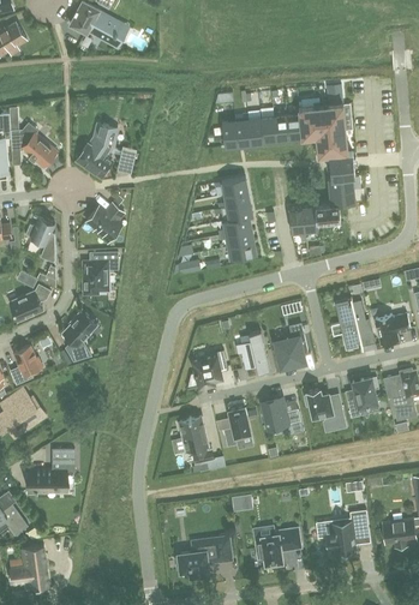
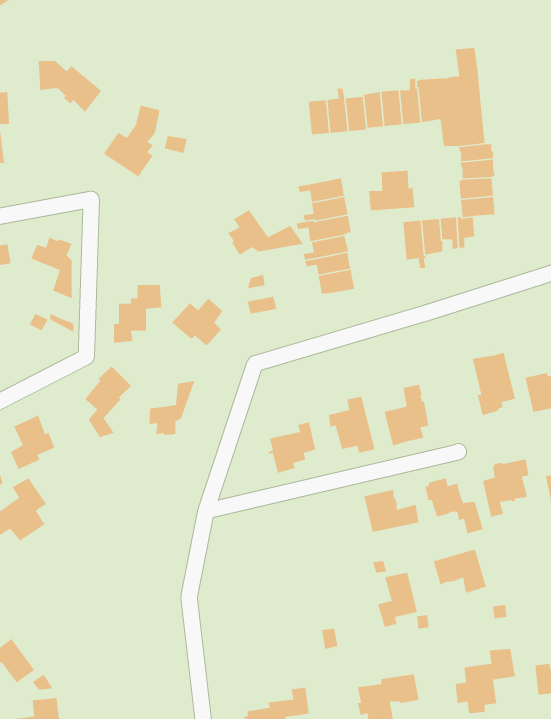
building: [10,130,55,167] -> [38,60,102,113]
building: none -> [368,170,415,211]
building: none -> [222,209,304,256]
building: [85,203,122,238] -> [171,297,224,346]
building: [8,283,50,321] -> none
building: none -> [149,380,195,436]
building: [222,407,251,447] -> [377,572,418,628]
building: [179,417,213,463] -> none
building: none -> [433,549,487,594]
building: [29,449,73,492] -> none

